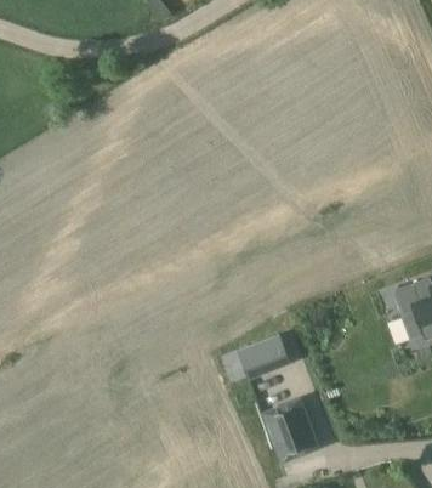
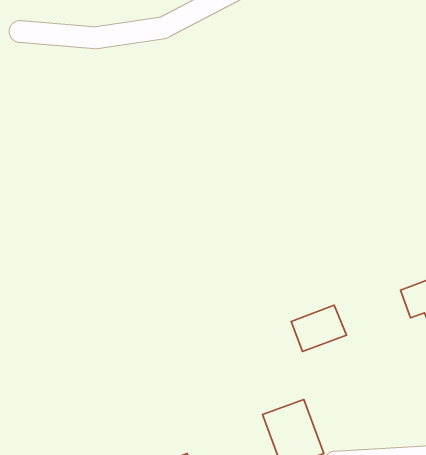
building: [238,334,291,379] -> [291,305,347,352]

